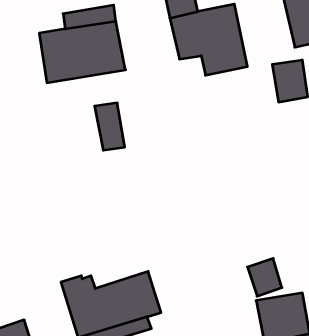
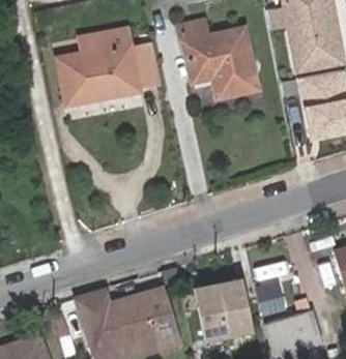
building: [95,103,125,150] -> [129,44,158,90]
building: none -> [189,275,249,339]

